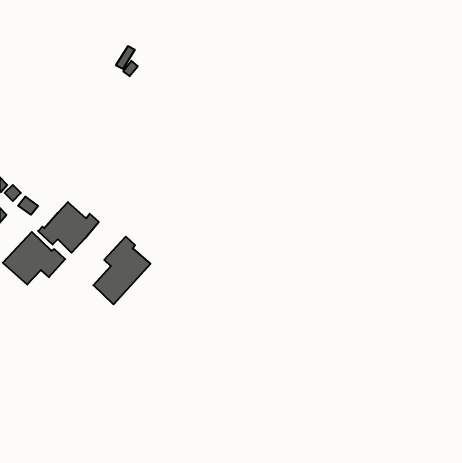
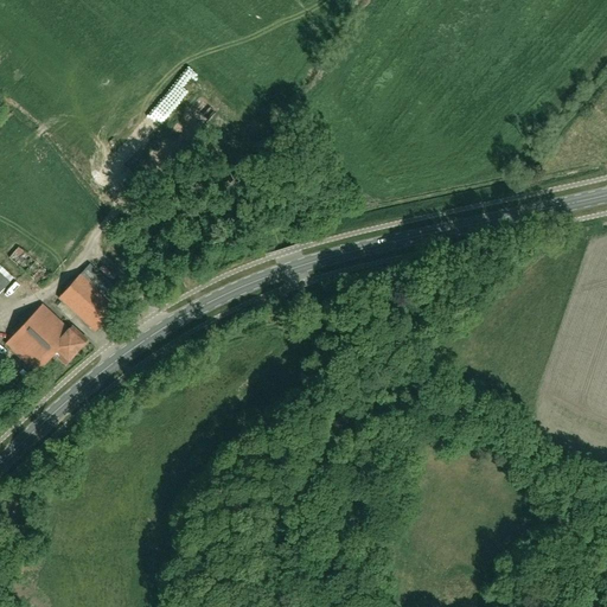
building: [93,237,150,304] -> none

